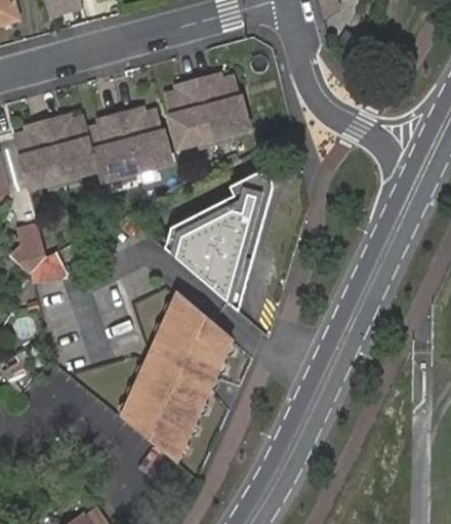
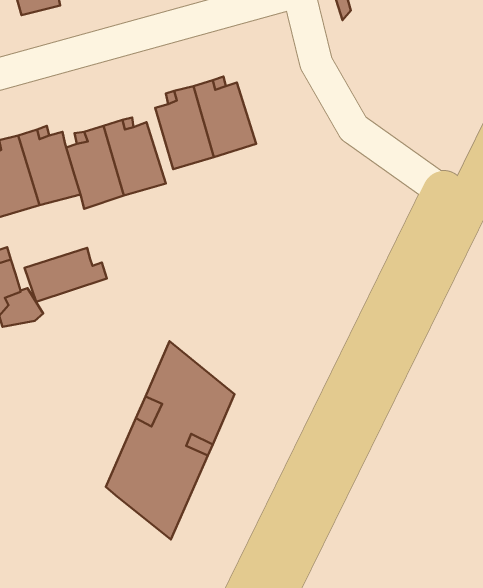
building: [173,176,274,314] -> none
building: none -> [24,248,107,302]

